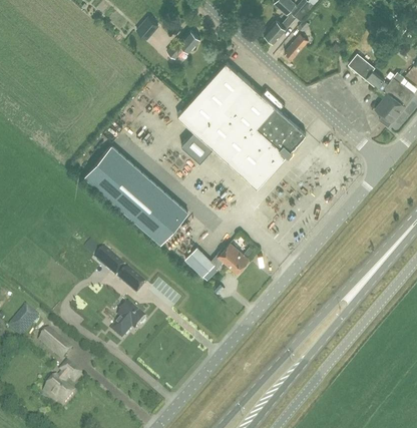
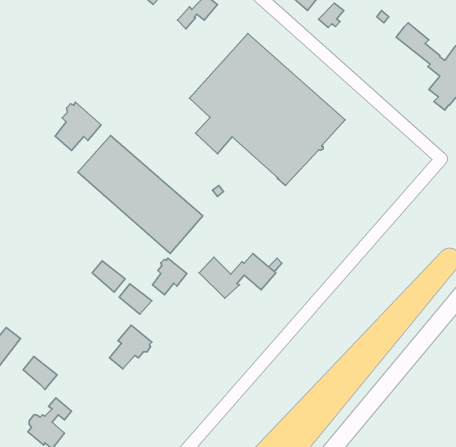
building: none -> [55,102,101,151]
building: none -> [152,258,187,295]

